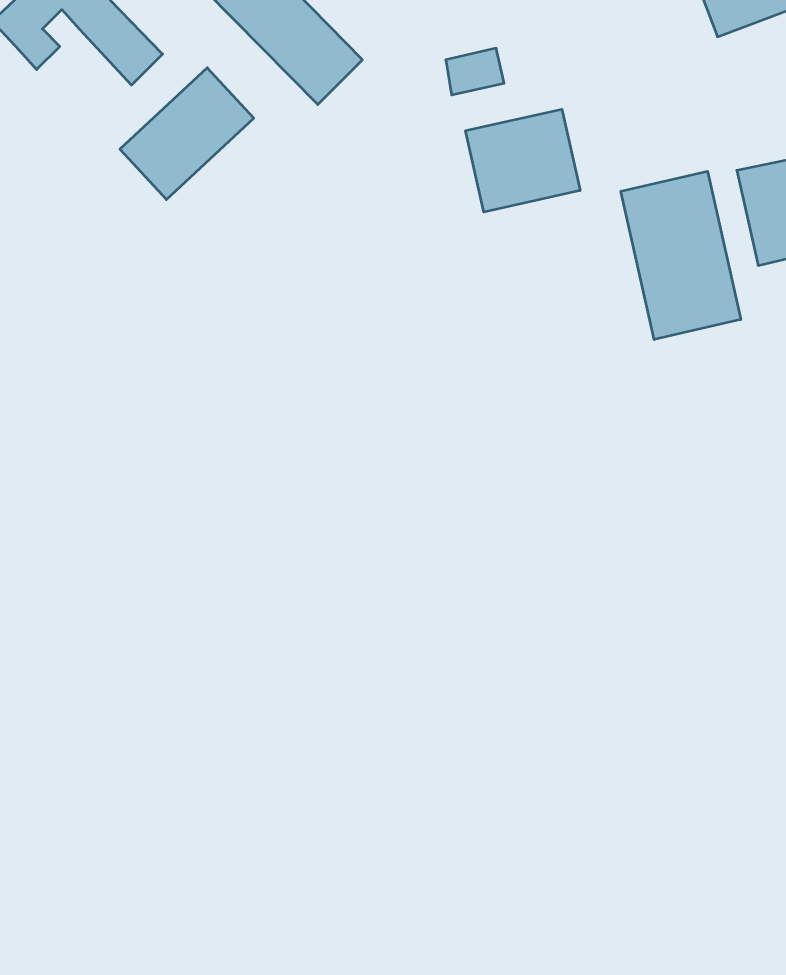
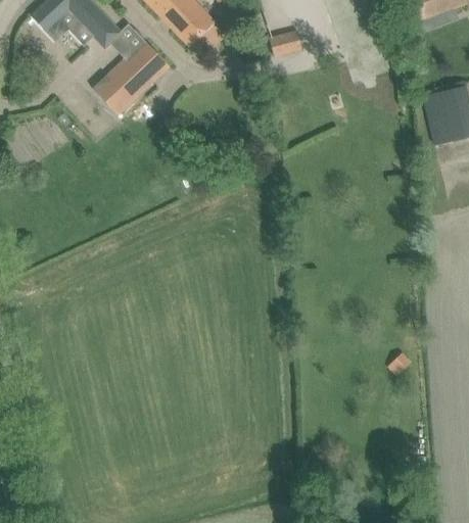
building: [466,109,580,212] -> none
building: [621,171,741,340] -> none

